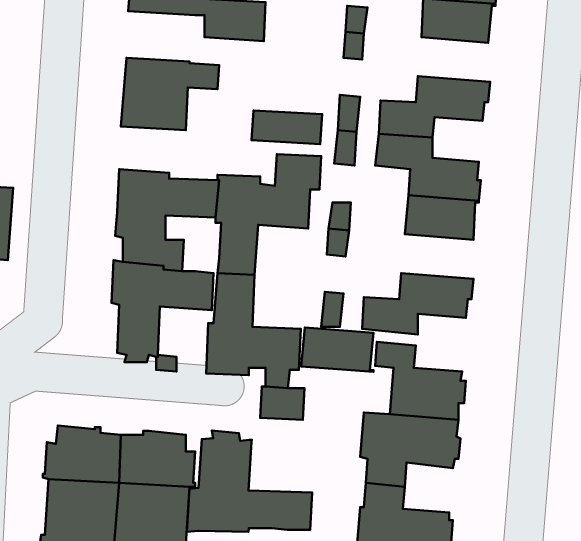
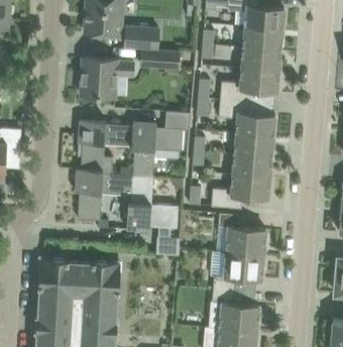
building: none -> [241,47,280,72]
building: [252,111,322,144] -> [140,49,179,68]
building: [301,327,373,372] -> [232,154,271,179]
building: [187,431,312,532] -> none

